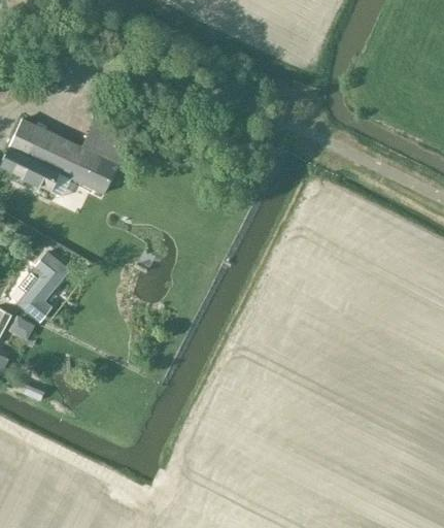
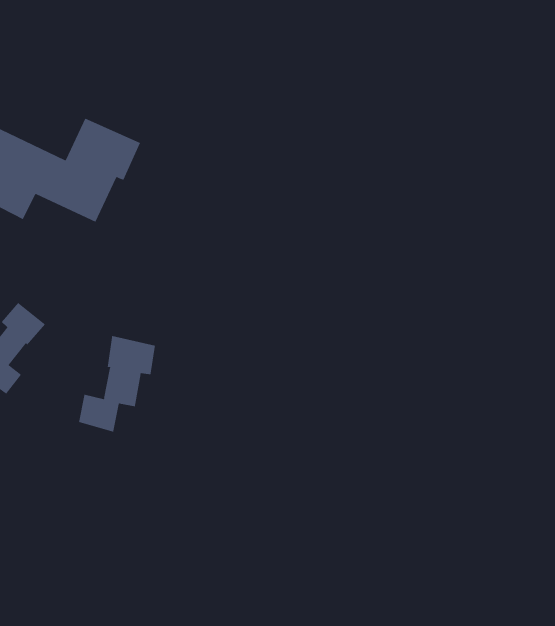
building: none -> [78,335,156,433]

